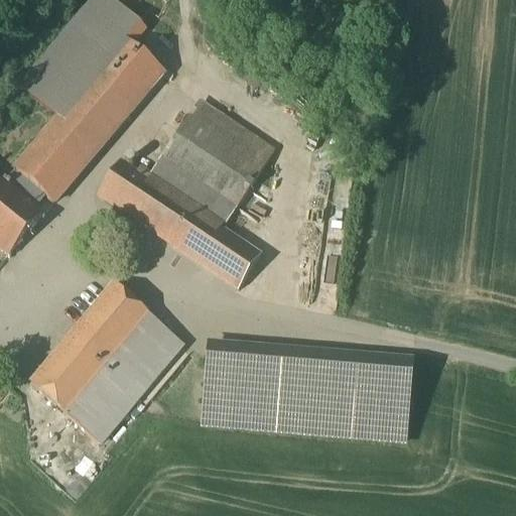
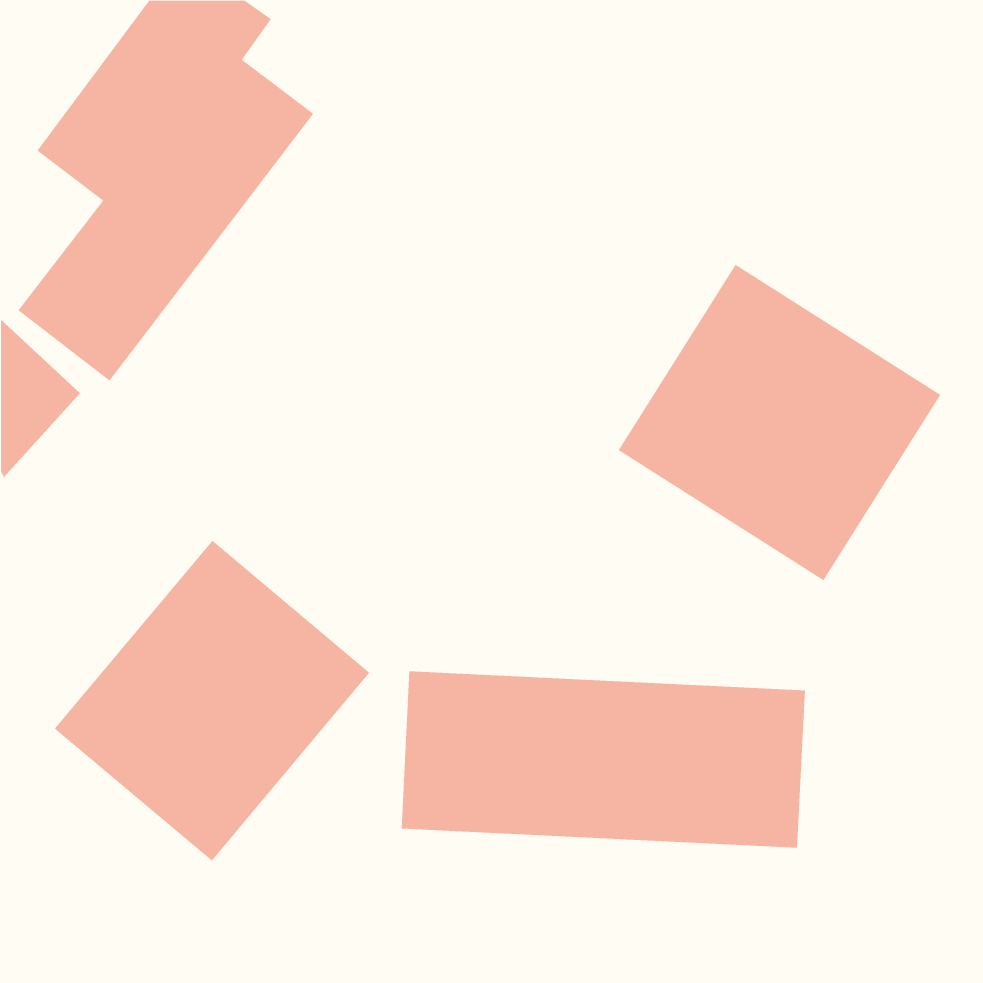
building: [98,89,277,281] -> none
building: none -> [618,264,941,581]

